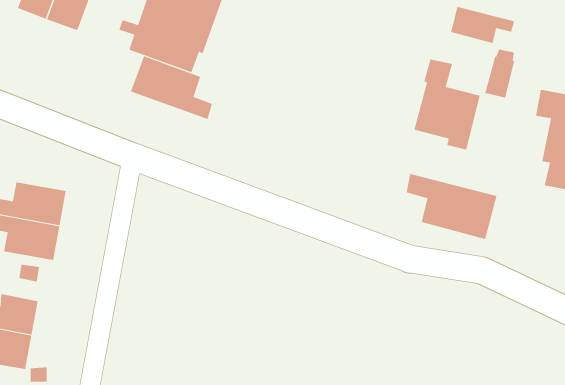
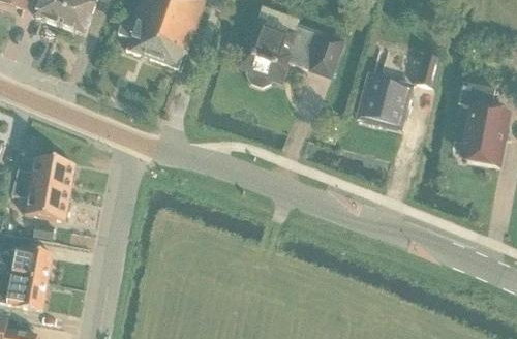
building: [451,6,515,44] -> none
building: none -> [237,17,343,86]
building: [130,55,213,120] -> none
building: [406,173,497,240] -> none

